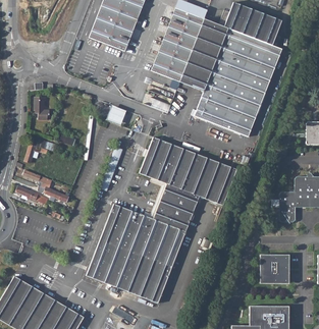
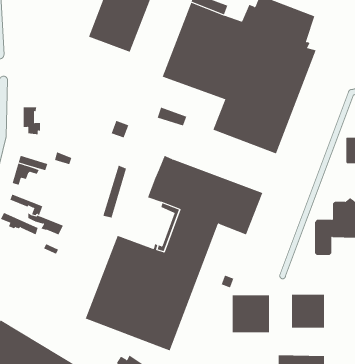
building: none -> [232,294,270,333]

